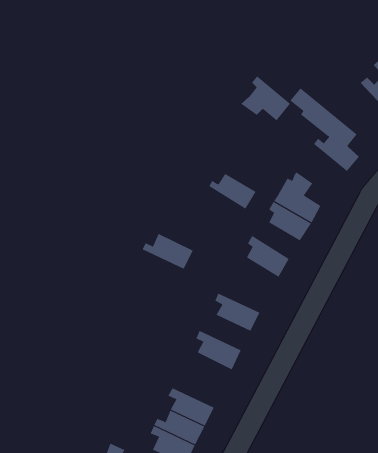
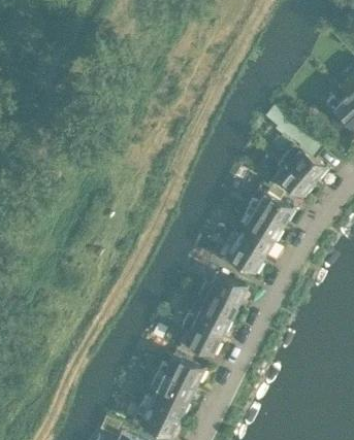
building: [240,76,291,121] -> [268,157,313,197]
building: [208,173,257,210] -> [229,226,271,258]
building: [142,233,193,269] -> [199,273,245,305]
building: none -> [183,307,228,338]
building: none -> [159,357,204,388]

